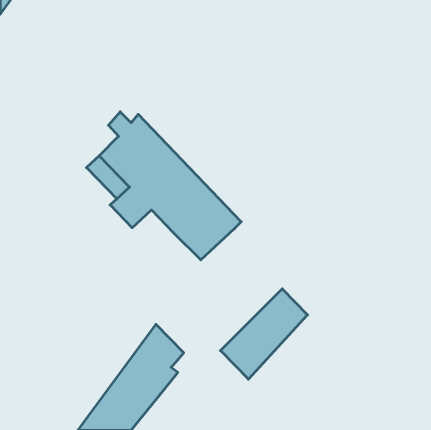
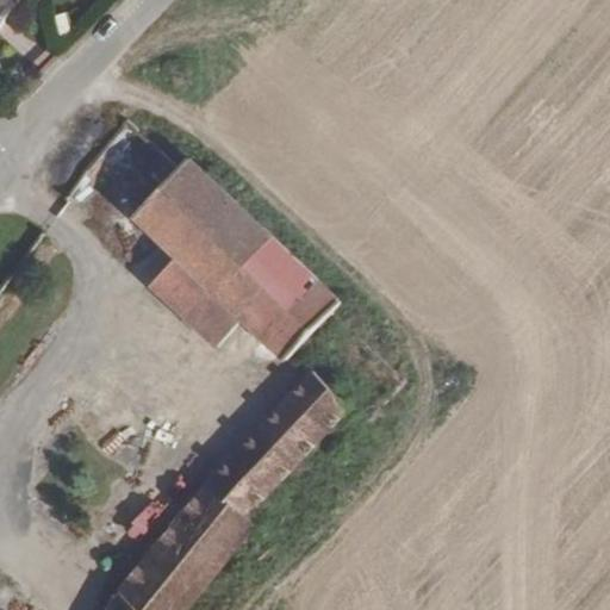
building: none -> [188,295,247,355]
building: [220,289,308,379] -> [222,369,344,497]

